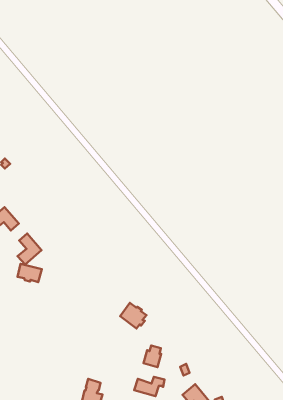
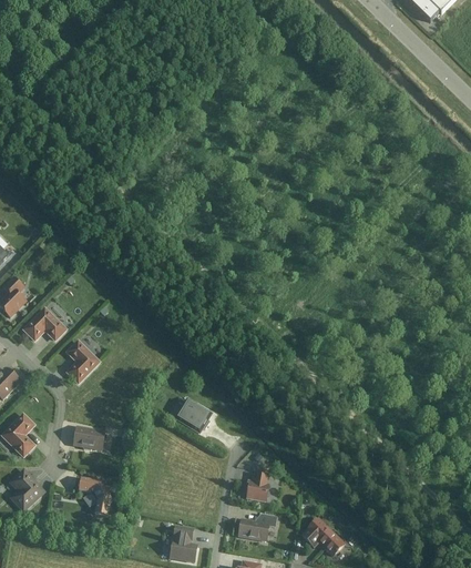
building: [18,264,42,282] -> [73,426,104,448]
building: [120,303,146,329] -> [175,398,209,432]
building: none -> [78,477,110,514]

